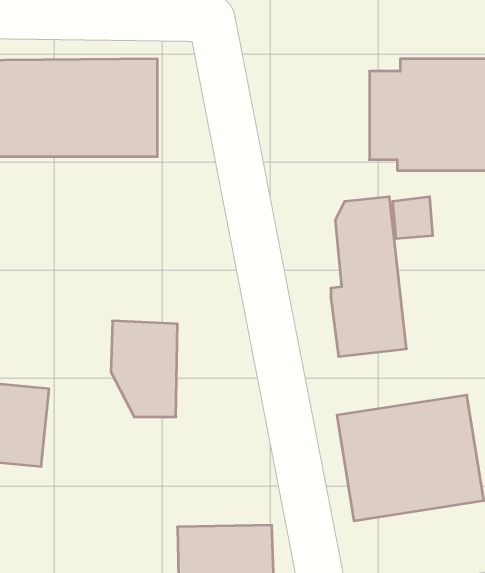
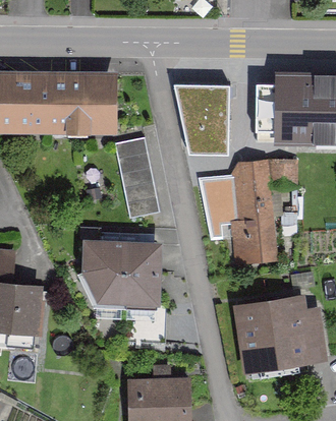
building: none -> [173,81,229,151]
building: none -> [114,137,159,218]
building: none -> [198,176,235,241]
building: none -> [126,244,162,305]

